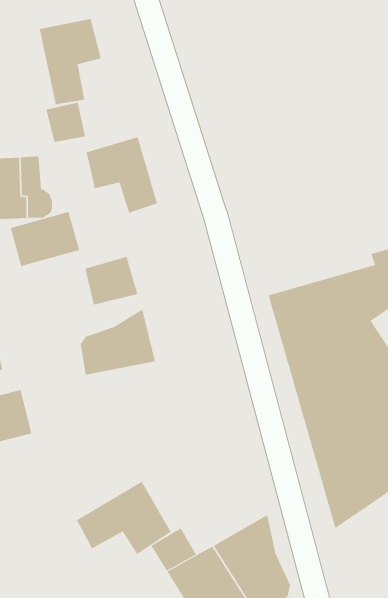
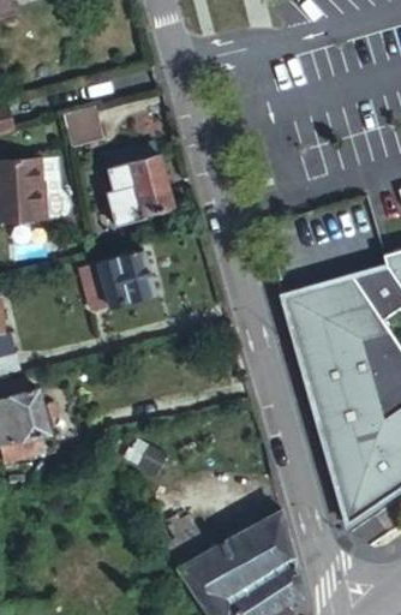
building: [39,18,102,105] -> none
building: [10,211,80,267] -> none
building: [80,309,155,376] -> none
building: [76,481,171,555] -> none

